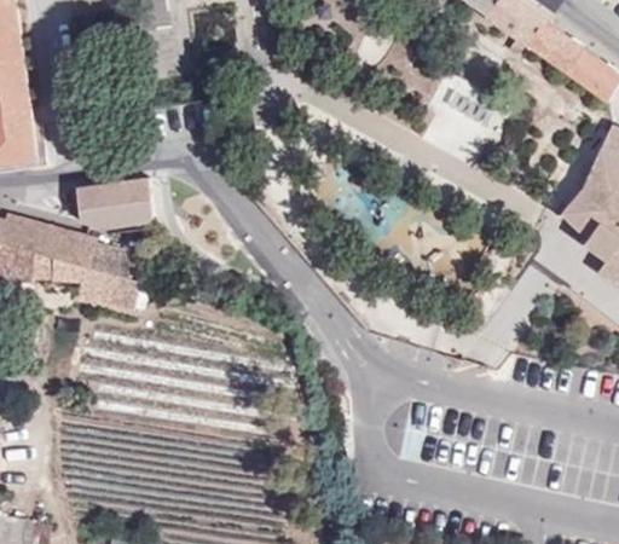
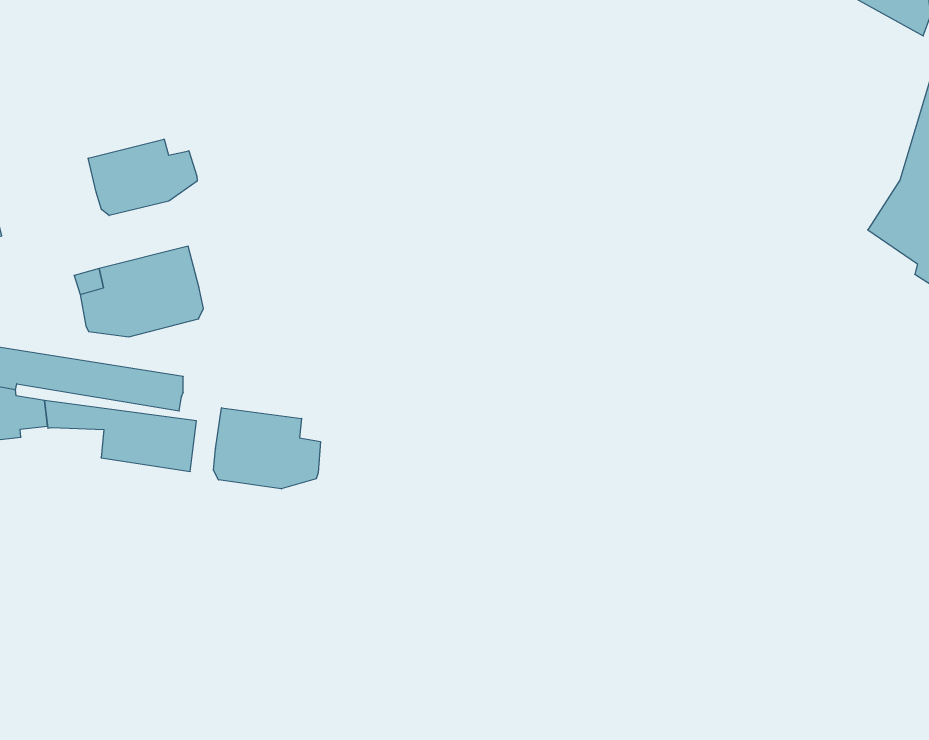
building: none -> [88,139,197,216]
building: none -> [213,408,320,489]

